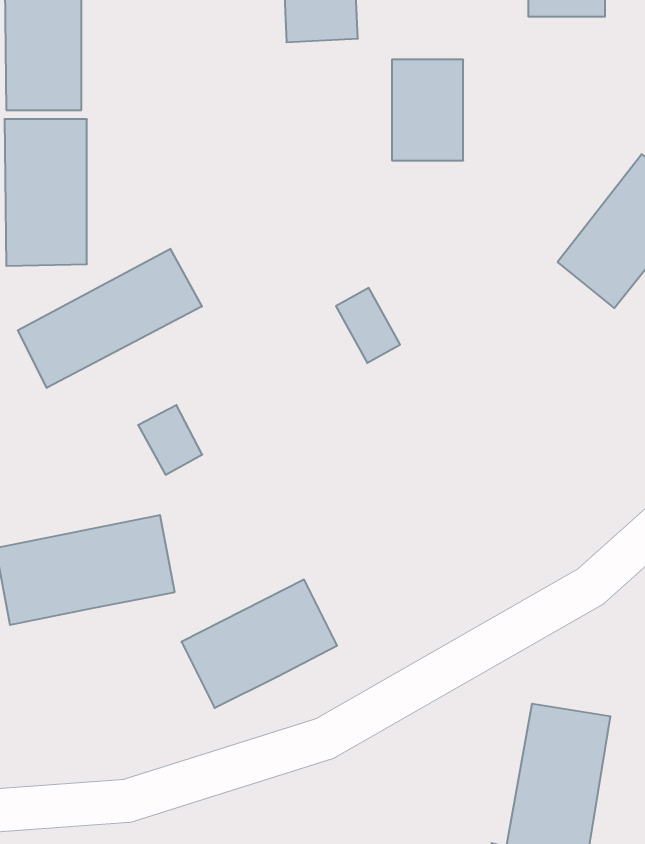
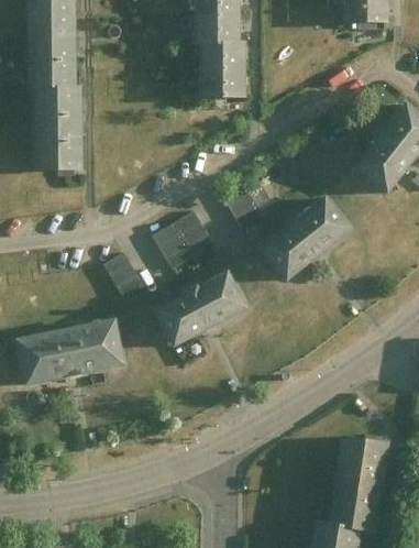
building: [392,60,463,160] -> [201,34,244,95]
building: [18,249,202,388] -> none
building: none -> [265,196,357,281]
building: none -> [157,209,217,264]
building: [181,580,337,708] -> [159,271,253,348]

